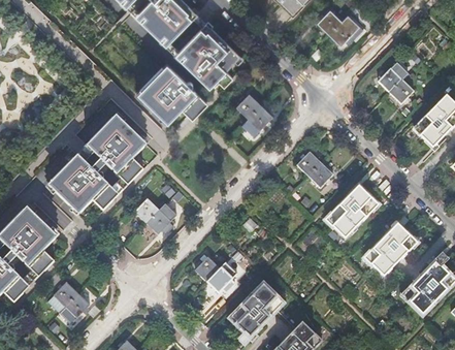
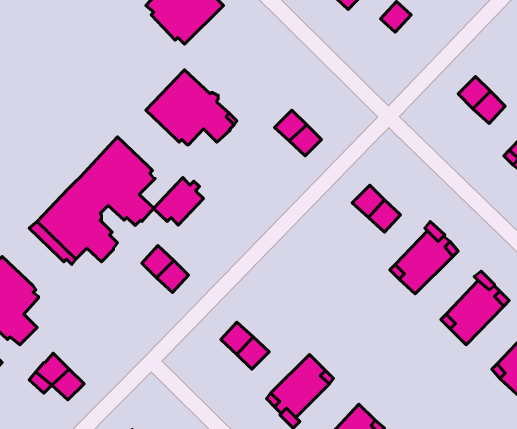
building: [329,15,363,45] -> none
building: [177,23,239,87] -> none
building: none -> [153,178,204,225]

